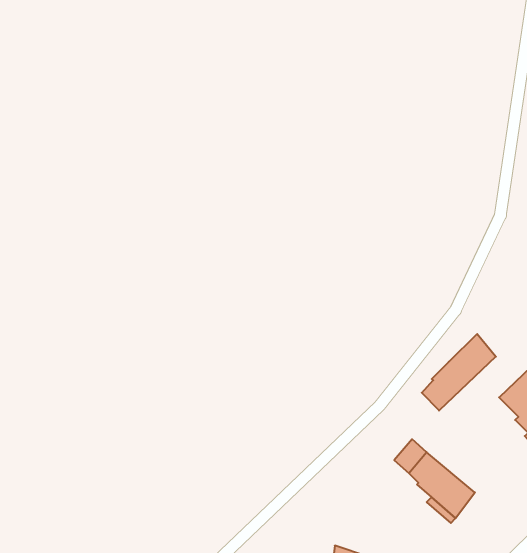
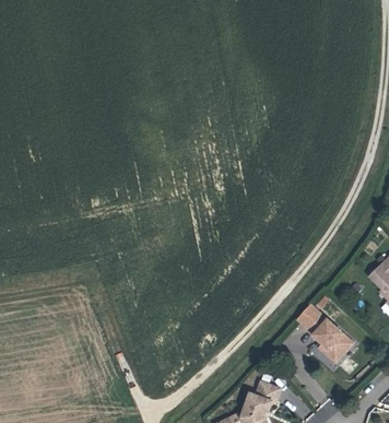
building: [422,334,496,411] -> none

